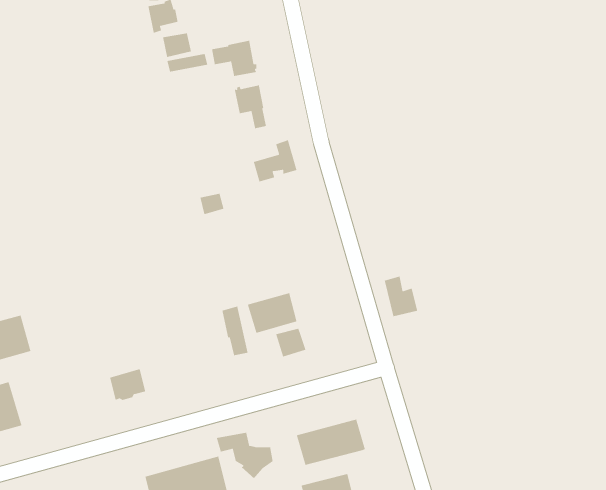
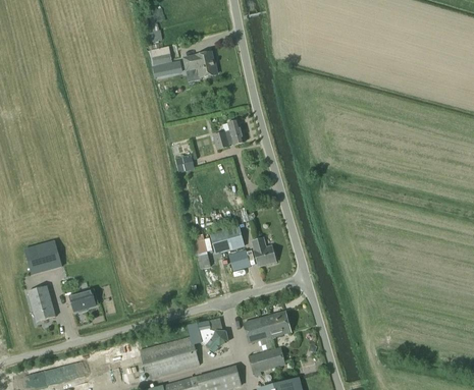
building: [234,85,267,129] -> none
building: [384,276,418,317] -> [252,237,275,266]
building: [109,368,146,401] -> [69,289,95,312]

